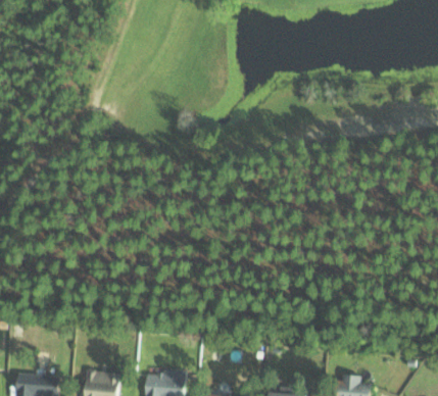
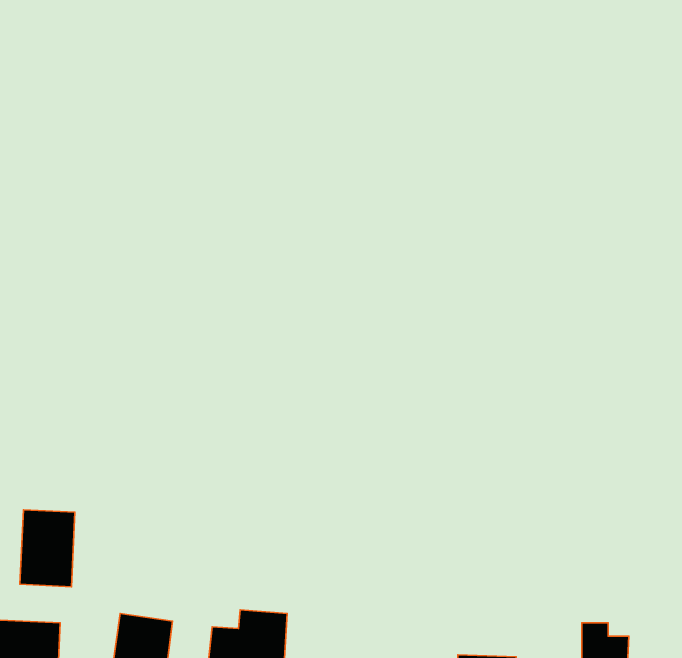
building: none -> [20,510,75,587]

